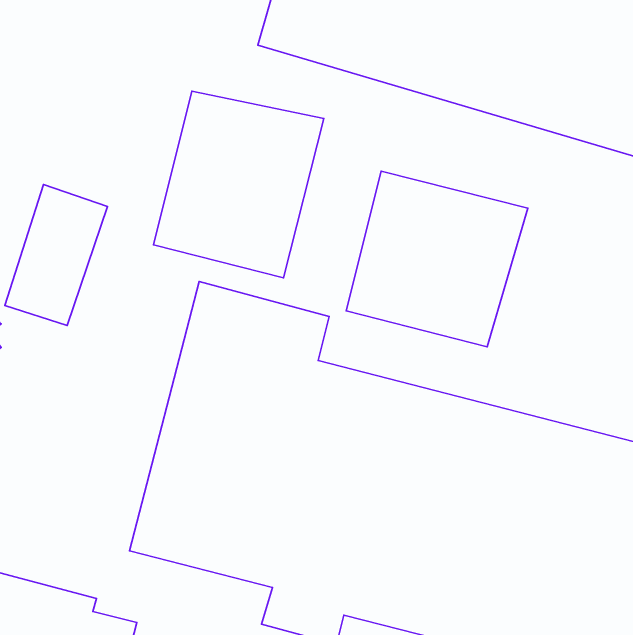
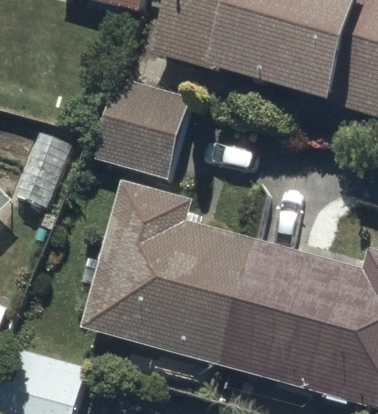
building: [346,171,528,347] -> none

